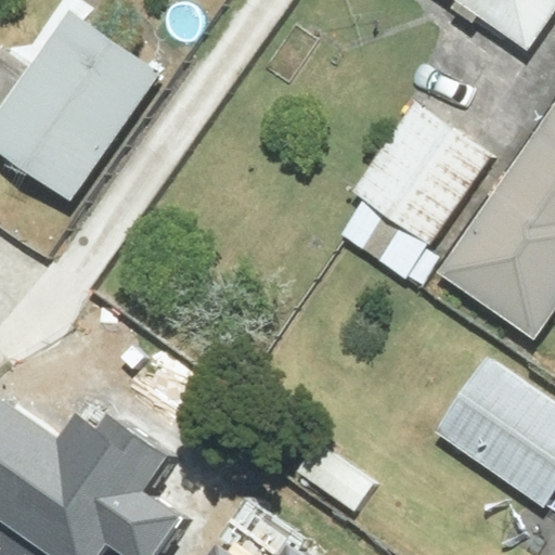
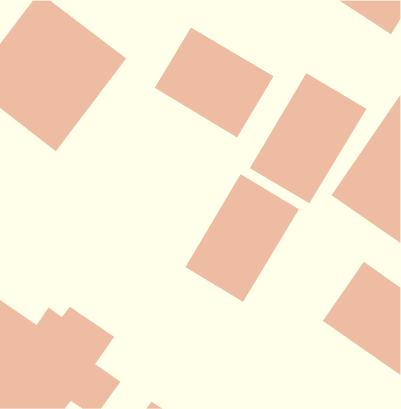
building: none -> [154,27,275,139]
building: none -> [185,173,300,303]

